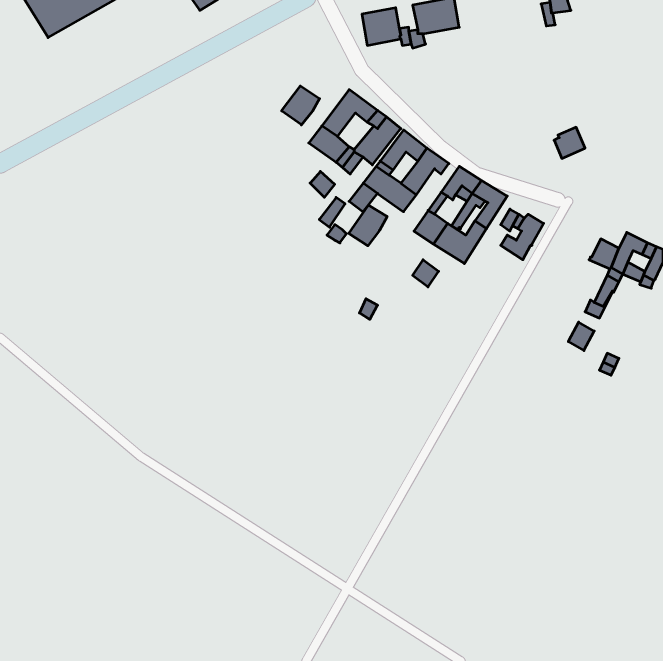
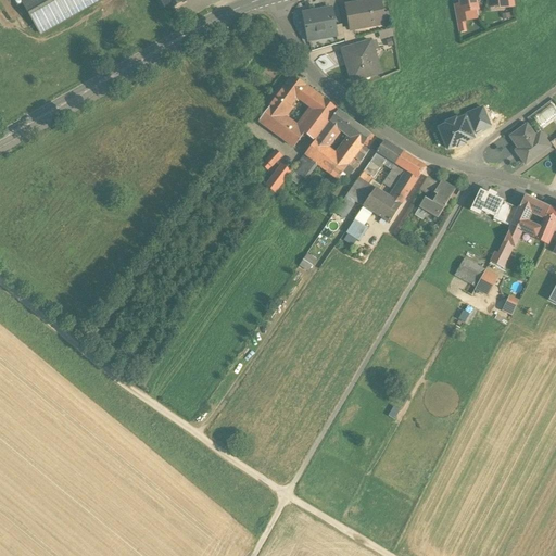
building: none -> [341,39,375,79]
building: [282,86,320,125] -> none
building: none -> [439,117,472,148]
building: none -> [510,123,549,163]
building: [349,205,387,246] -> none
building: none -> [471,189,503,215]
building: none -> [454,257,484,286]

